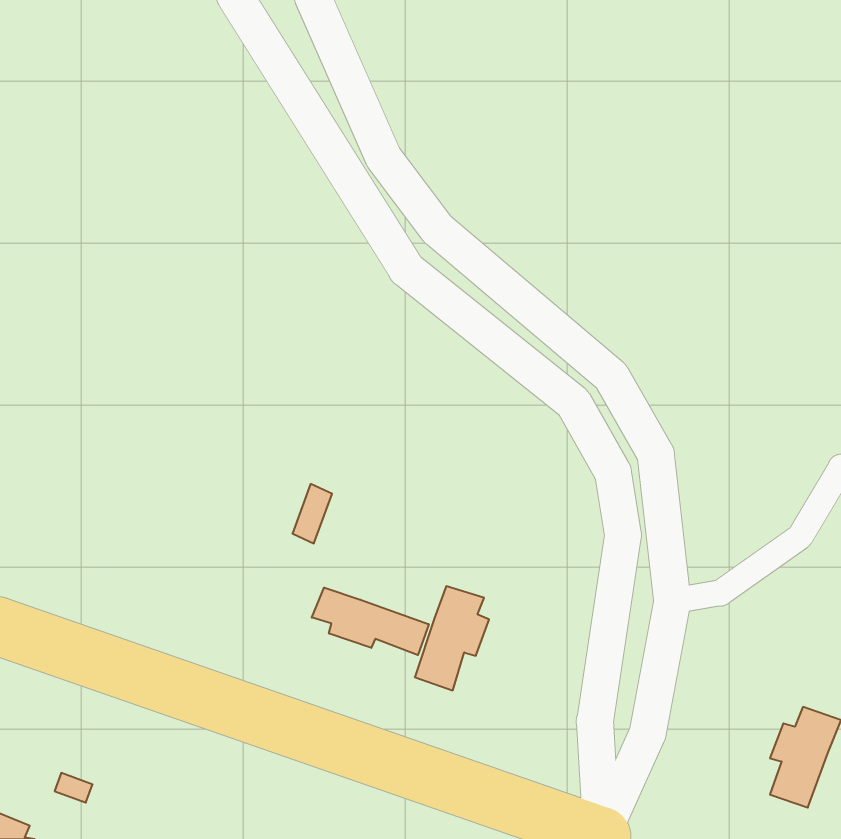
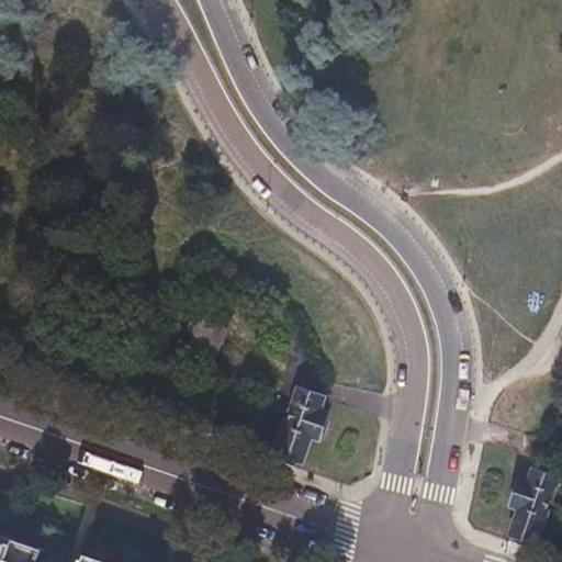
building: [312,588,429,655] -> none

